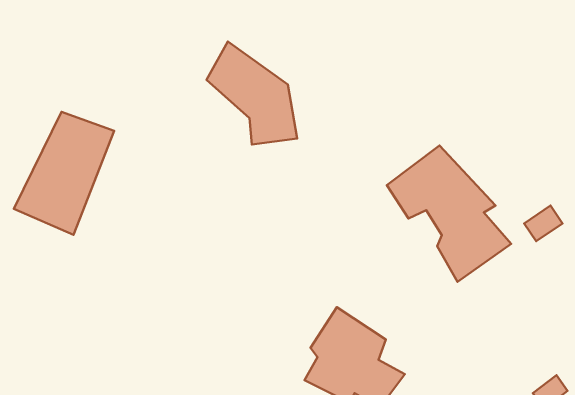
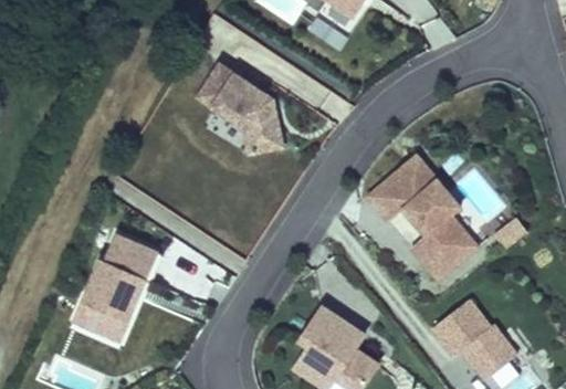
building: [14,112,114,235] -> [70,232,163,346]
building: none -> [429,301,518,380]

